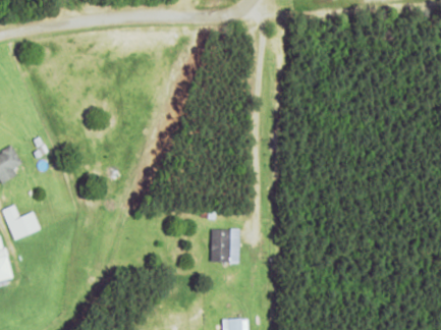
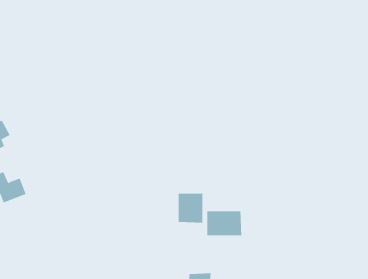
building: none -> [207,211,242,236]

